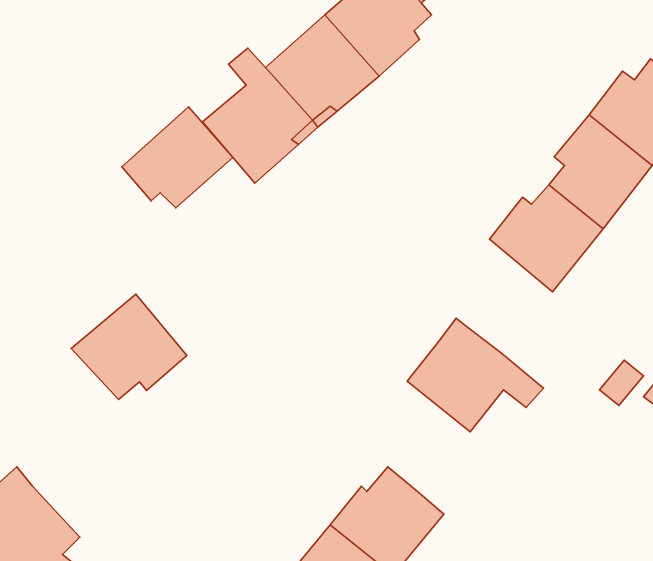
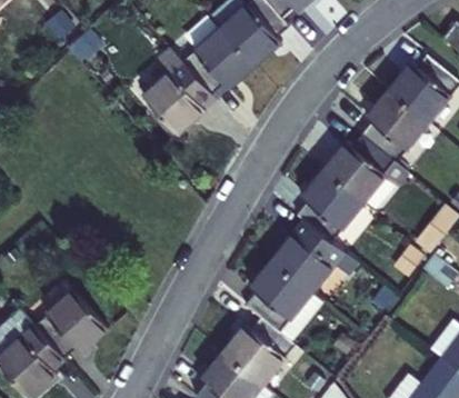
building: [122,107,233,208] -> none
building: none -> [297,169,363,241]
building: [71,294,187,399] -> [33,291,107,358]
building: none -> [245,259,311,330]

